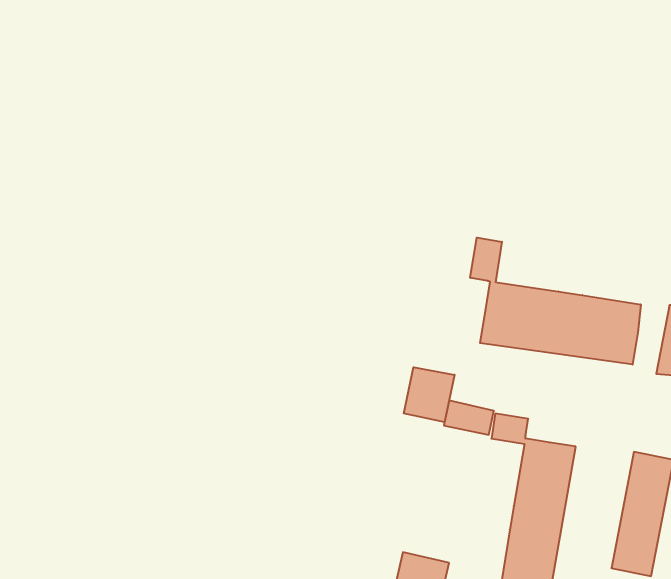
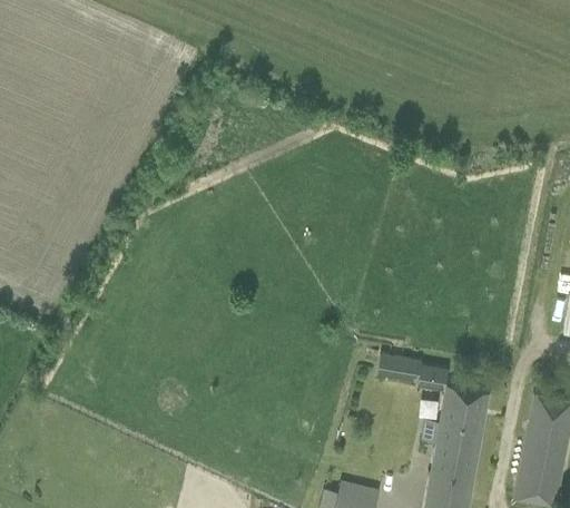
building: [470,238,641,365] -> none
building: [404,367,455,422] -> none

